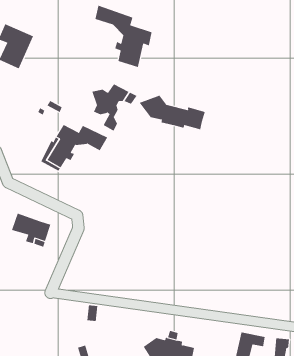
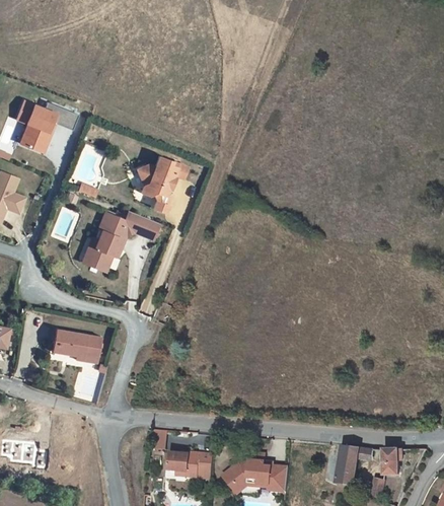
building: [95,5,152,68] -> none
building: [139,95,206,130] -> none
building: none -> [169,451,214,481]

